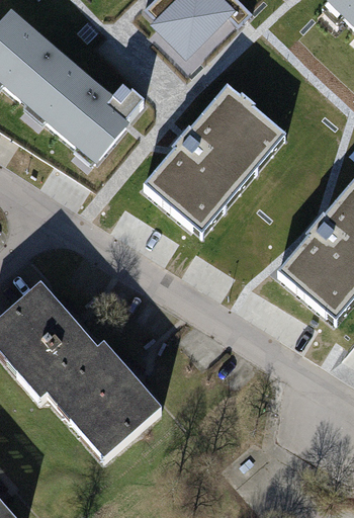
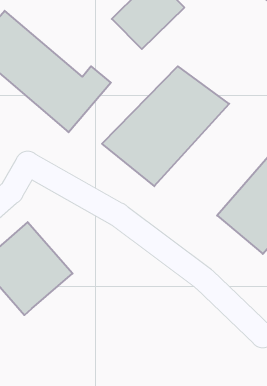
building: [48,337,162,452] -> none

